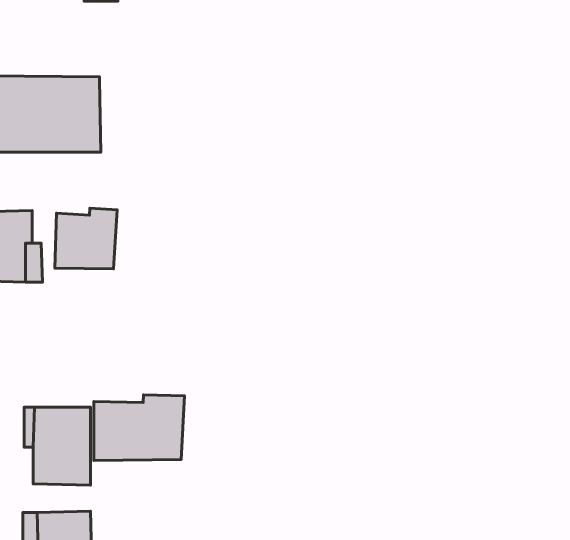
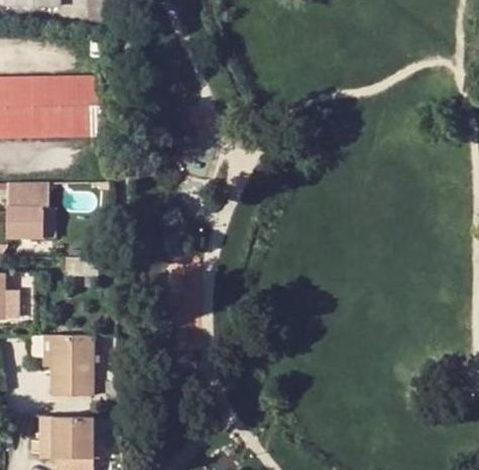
building: [55,208,117,269] -> none
building: [94,395,185,461] -> none

